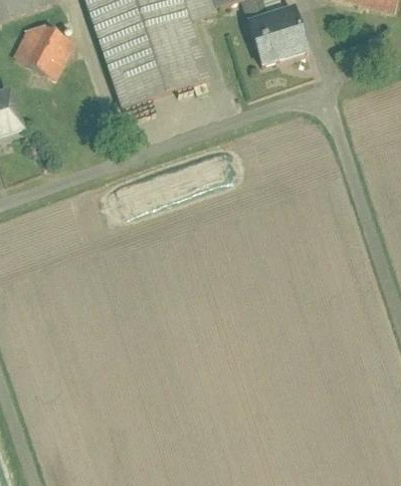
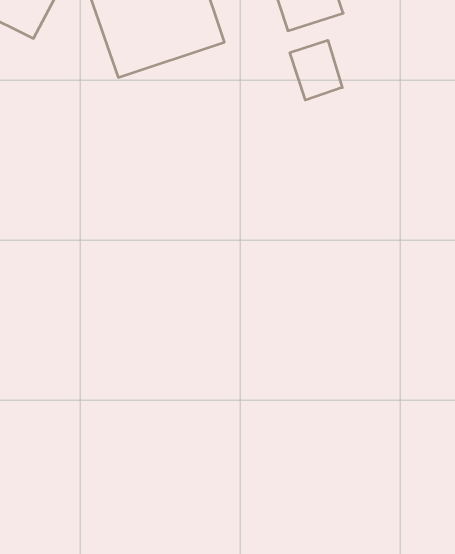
building: none -> [290,40,342,100]

